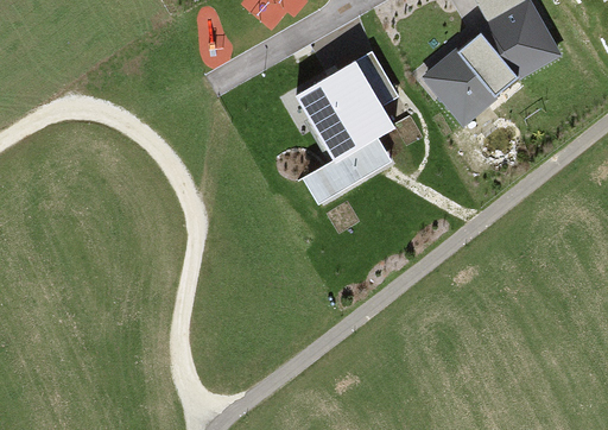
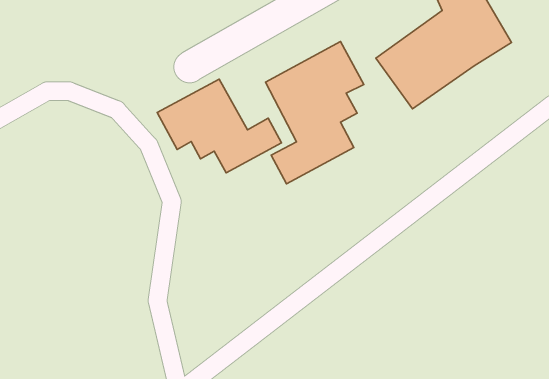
building: none -> [157,79,282,173]

